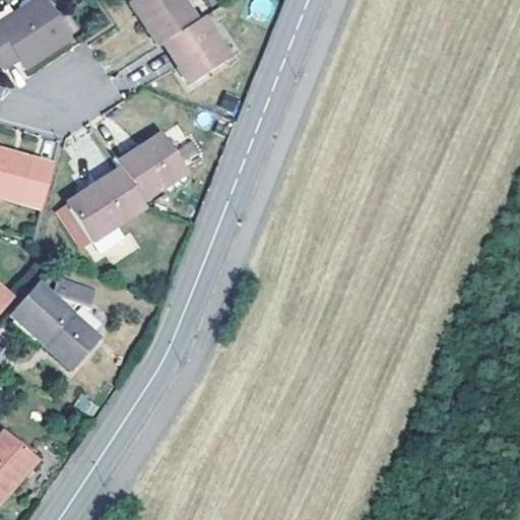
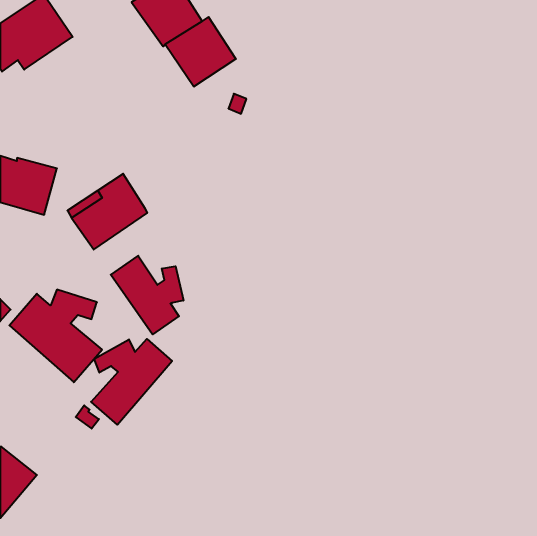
building: [116,132,187,201] -> none
building: none -> [111,256,183,334]
building: none -> [91,339,172,425]

